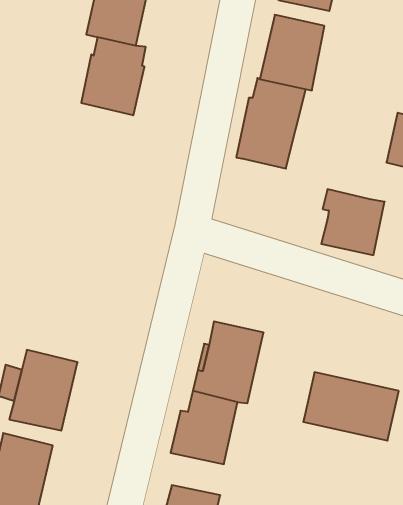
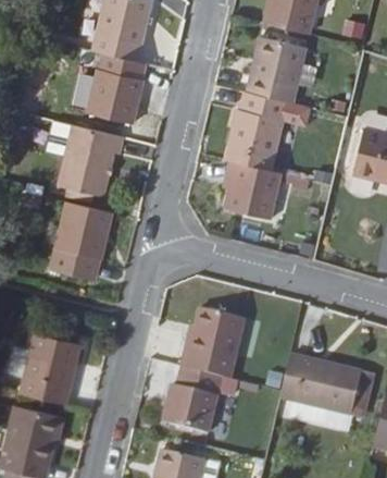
building: none -> [52,131,118,201]
building: [321,189,385,255] -> [219,167,274,224]
building: none -> [52,209,108,266]

